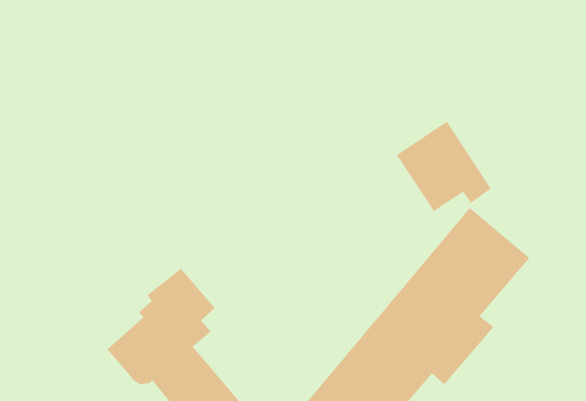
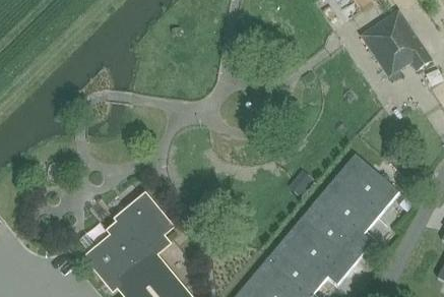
building: [396,121,491,212] -> [361,10,431,77]

